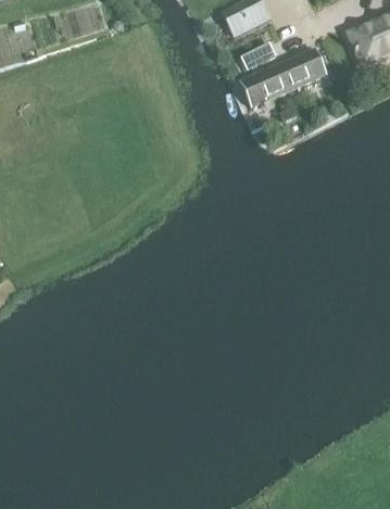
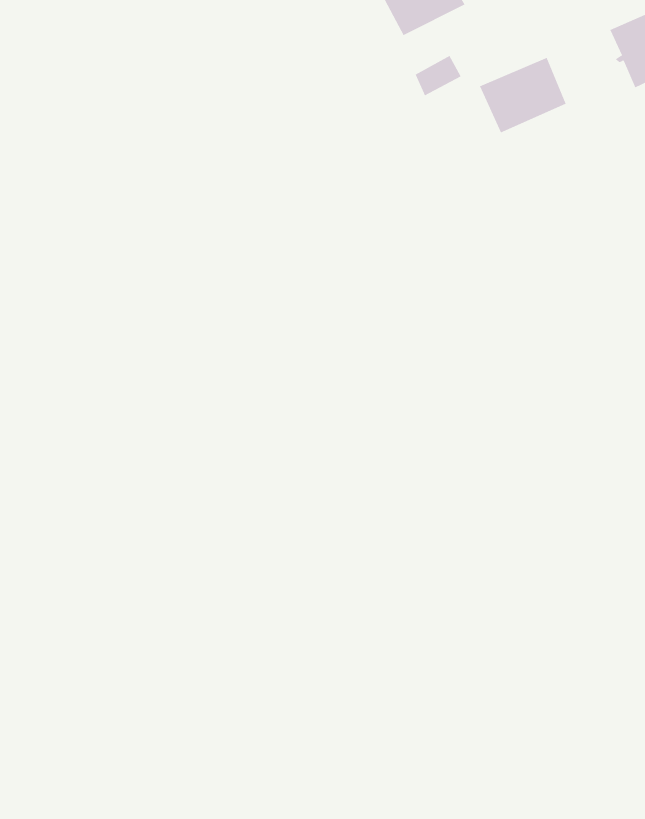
building: [239,64,289,107] -> none

